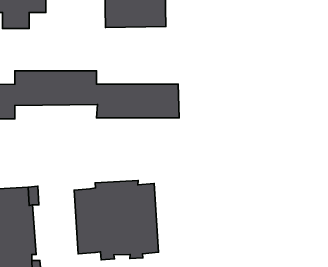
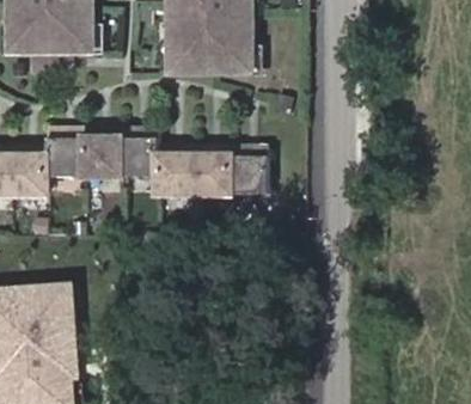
building: [74,181,159,260] -> none

